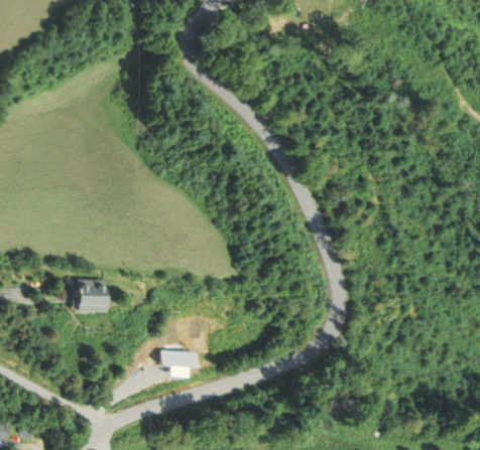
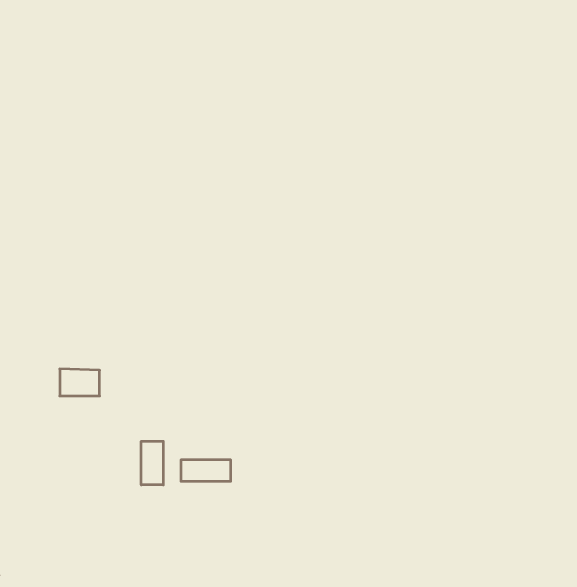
building: none -> [141,441,163,485]

